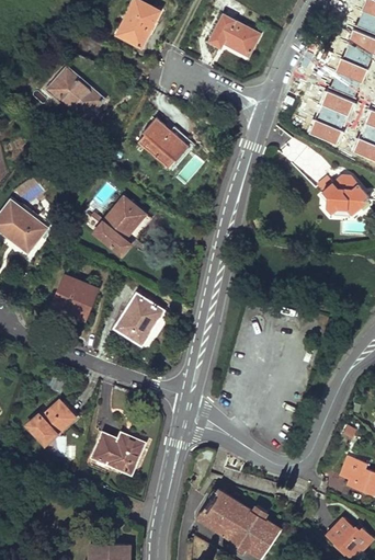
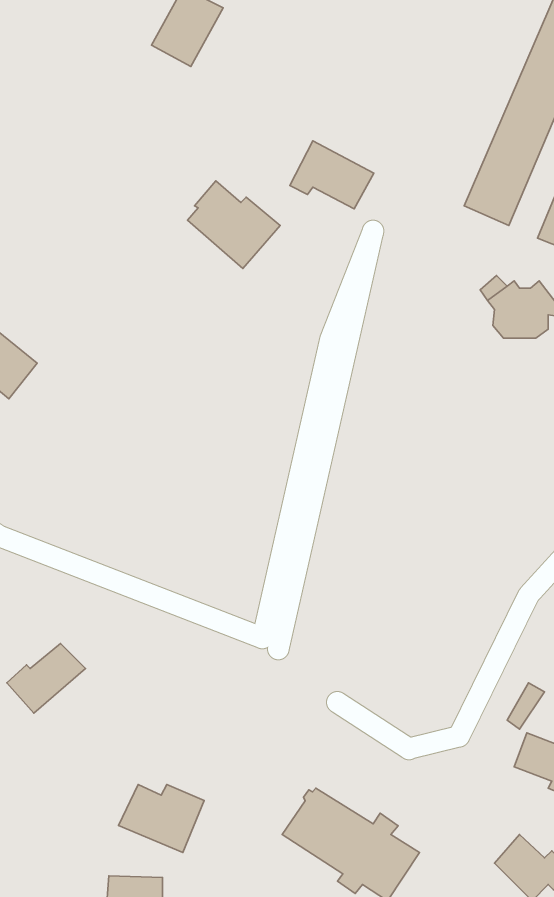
building: [208,14,260,56] -> [290,141,374,209]
building: [48,68,103,122] -> none
building: [84,195,146,255] -> none
building: [53,278,99,321] -> none
building: [115,294,163,345] -> none
building: [91,433,144,475] -> [118,785,204,852]

